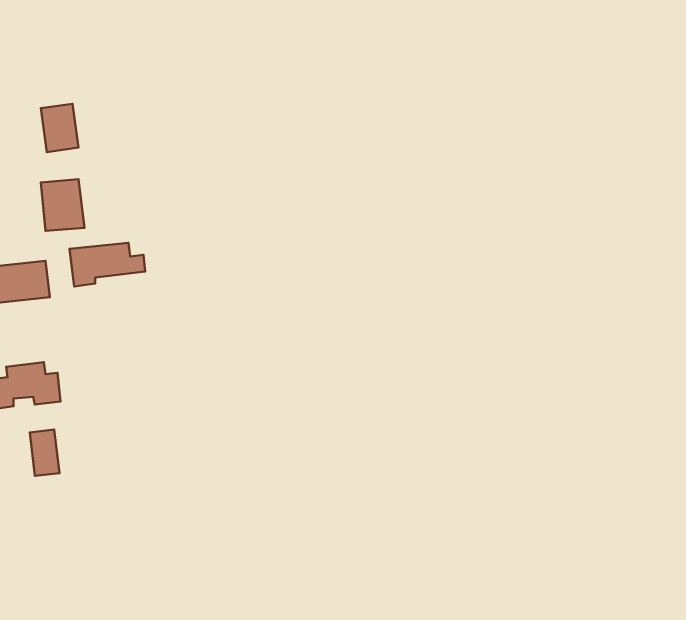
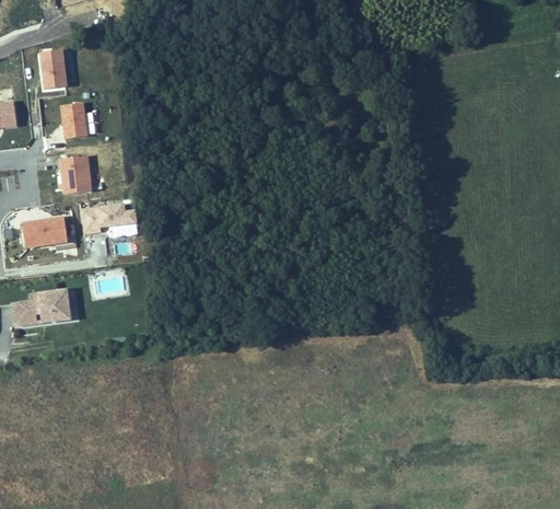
building: none -> [39,49,67,88]
building: [30,430,59,476] -> none

